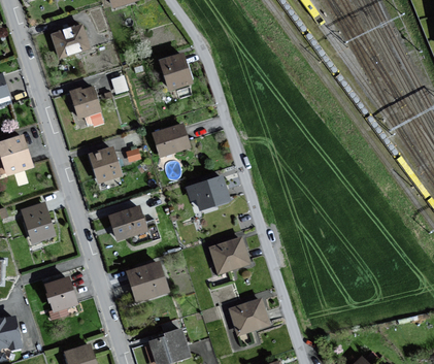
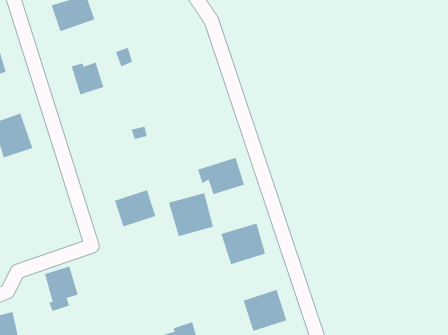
building: [160,53,193,91] -> none
building: [153,122,191,156] -> none
building: [88,146,122,184] -> none
building: [21,202,56,245] -> none
building: [126,261,168,302] -> [168,192,214,237]

